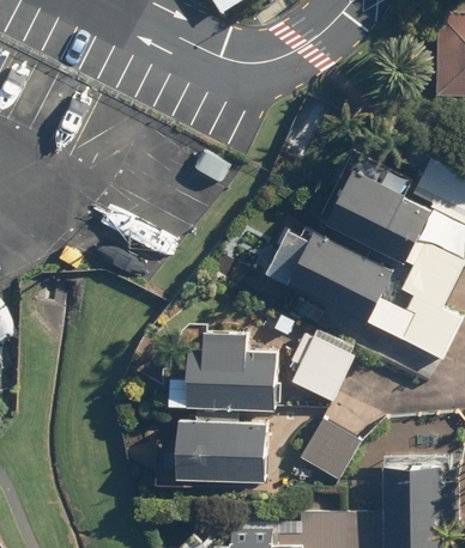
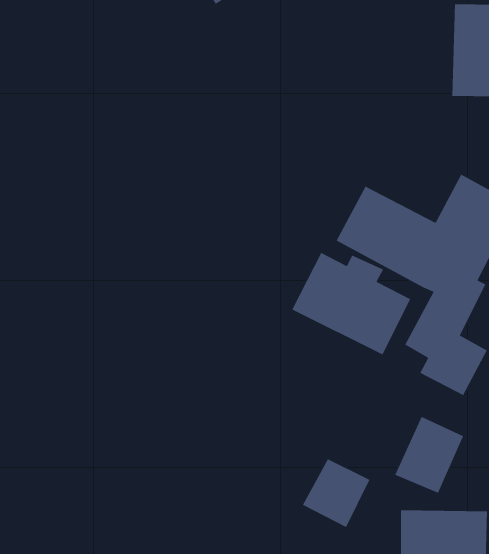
building: [173,329,284,413] -> none
building: [290,334,352,403] -> [394,416,464,494]
building: [174,420,270,483] -> none

